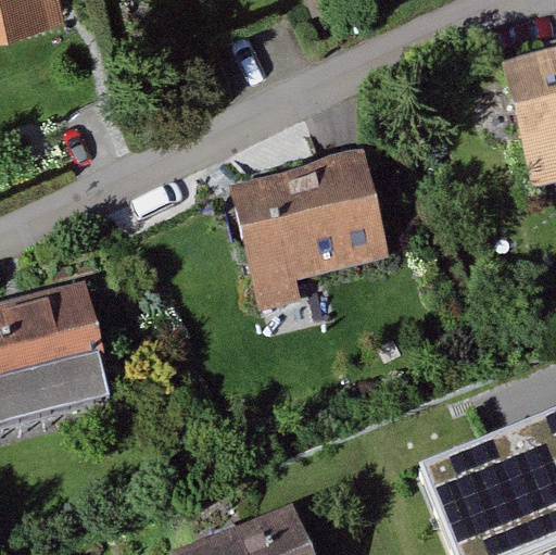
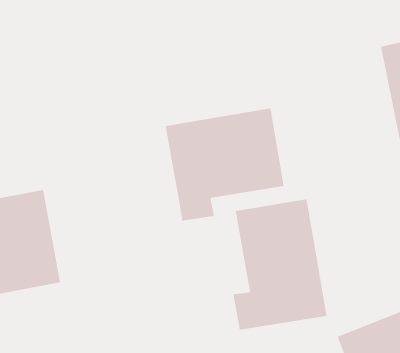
building: none -> [233,198,327,330]

